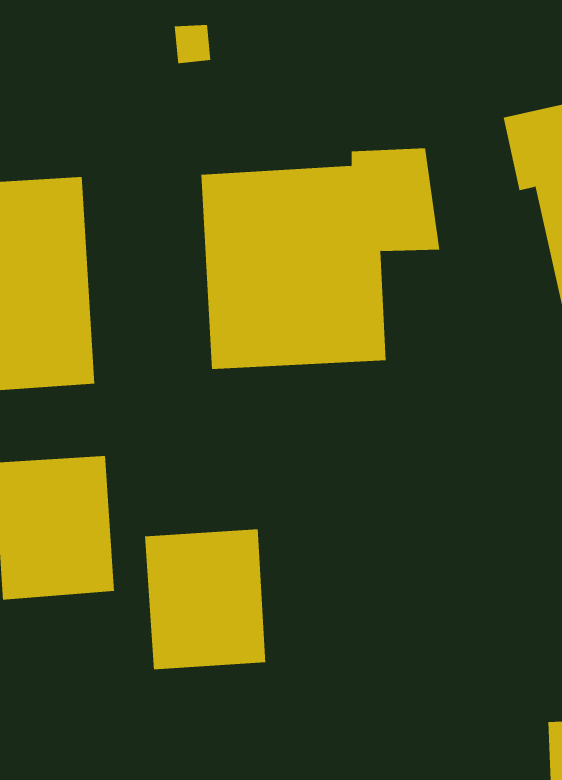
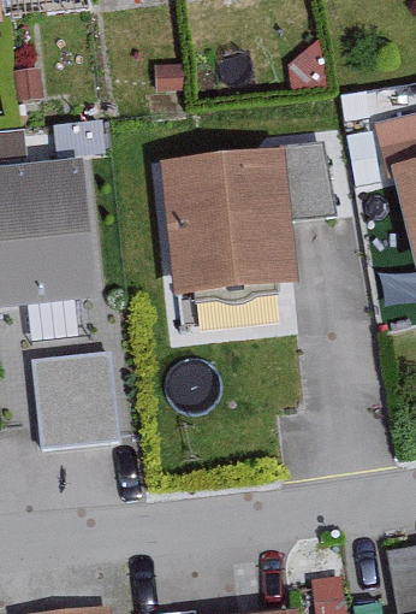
building: [145,529,266,670] -> none

